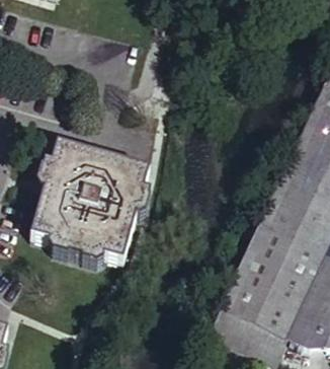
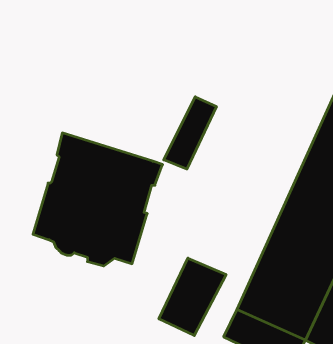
building: none -> [164,97,216,169]
building: none -> [159,258,226,336]

